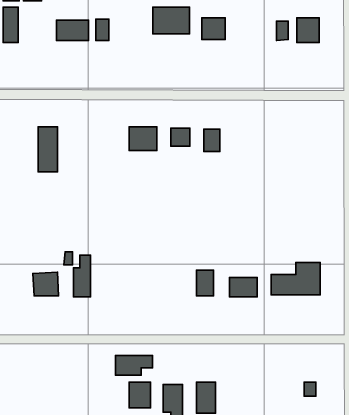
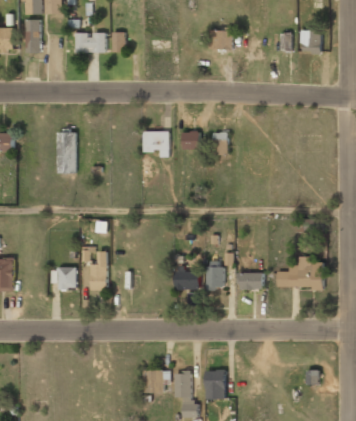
building: [153,7,190,34] -> none
building: none -> [174,272,200,290]
building: [115,355,153,375] -> none

